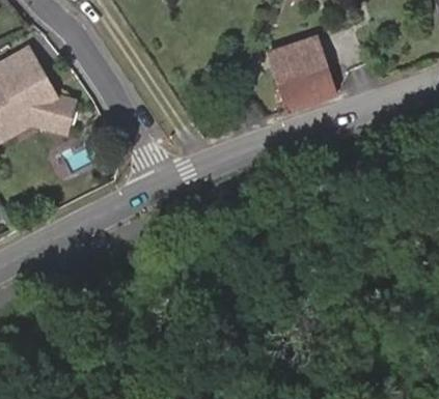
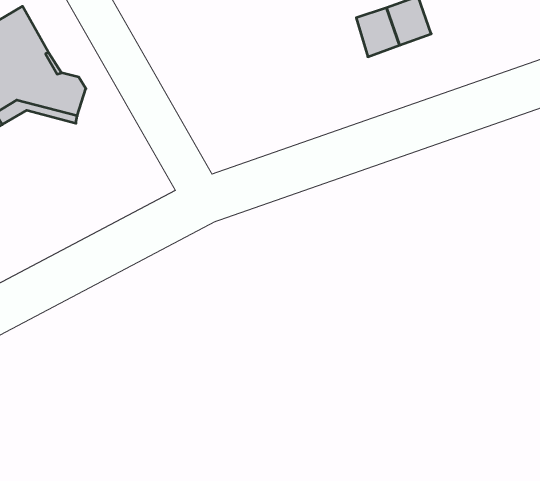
building: [278,66,333,110] -> none

